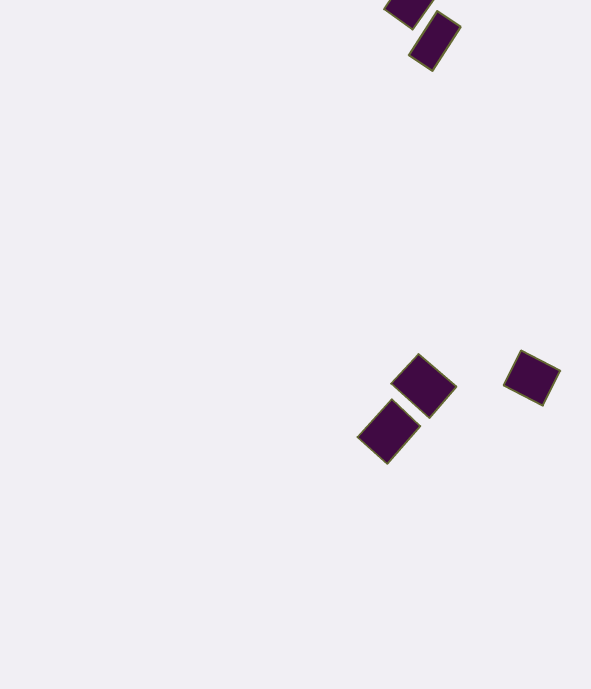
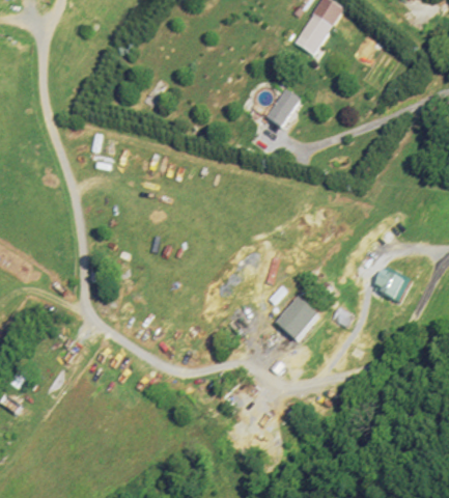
building: [409,11,461,71] -> [266,87,301,127]
building: [391,354,456,418] -> none

